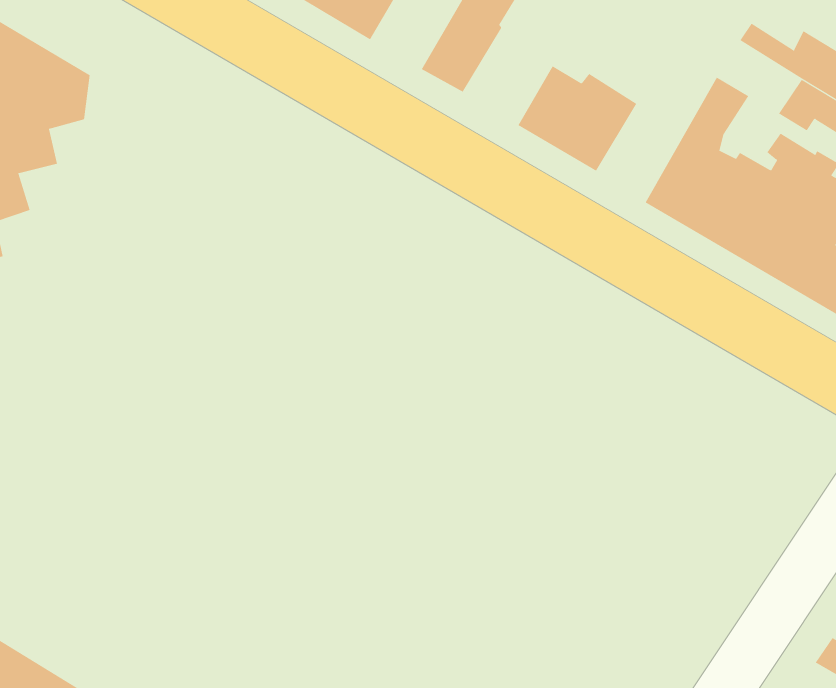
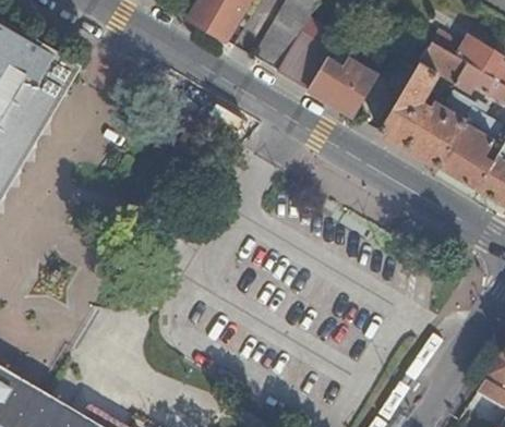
building: none -> [277,34,329,89]
building: none -> [420,41,468,83]

